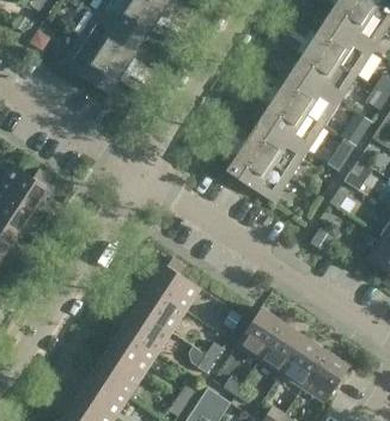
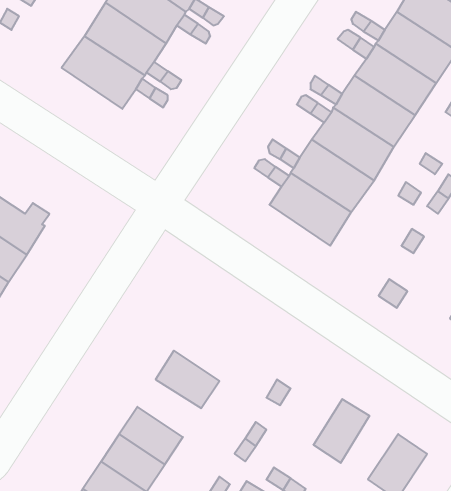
building: [150,257,200,309] -> none
building: [121,307,171,353] -> none
building: [237,307,282,359] -> none
building: [281,336,327,386] -> none

